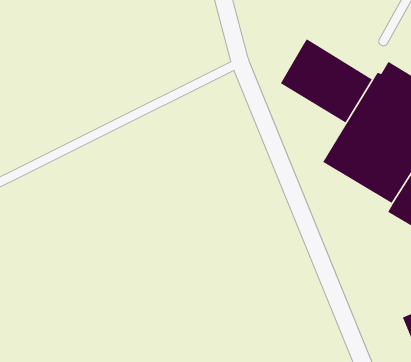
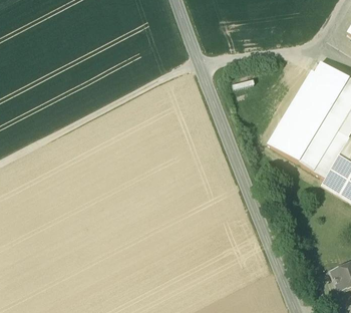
building: [280,38,373,124] -> none

